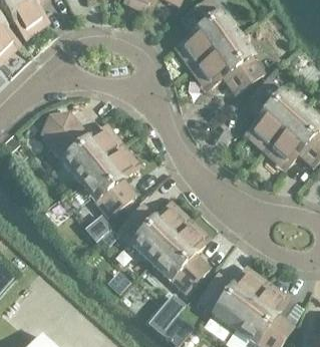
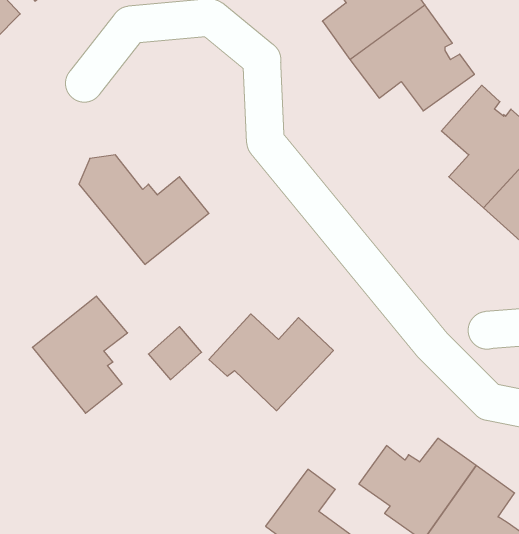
building: [83,149,135,214] -> [32,296,128,413]
building: [155,225,210,293] -> none

